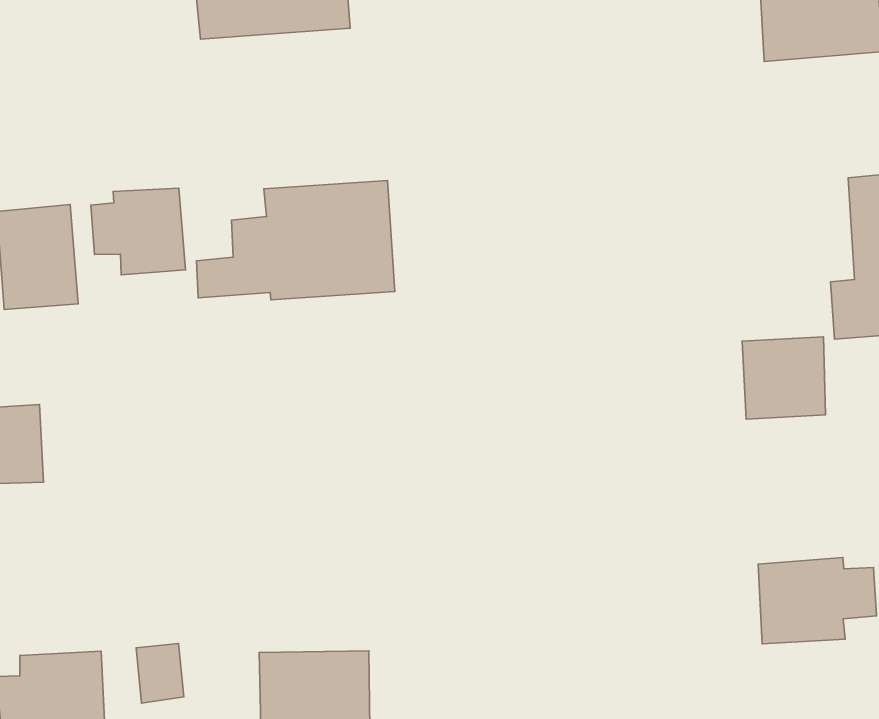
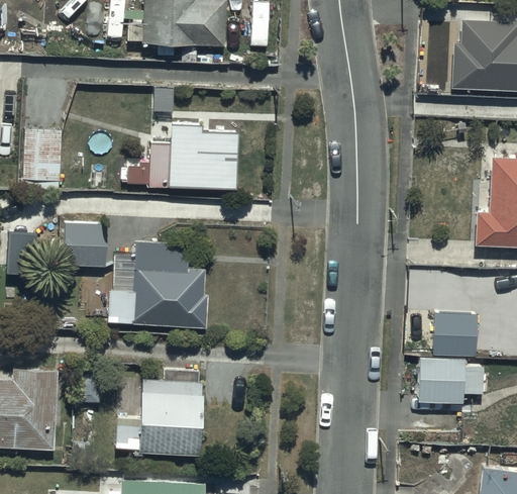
building: [91,188,185,275] -> none
building: [742,337,826,419] -> [432,312,479,357]
building: none -> [66,221,110,266]
building: none -> [110,241,209,329]

